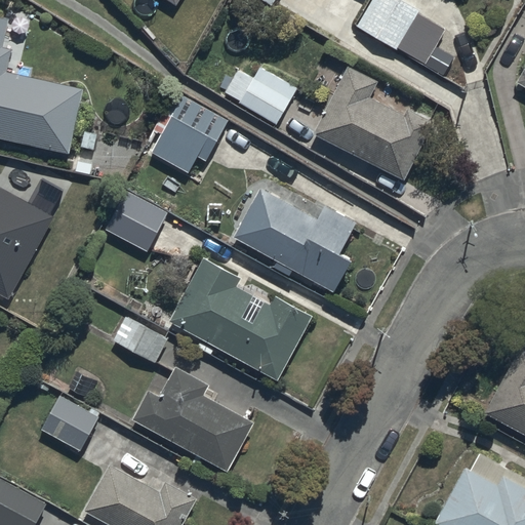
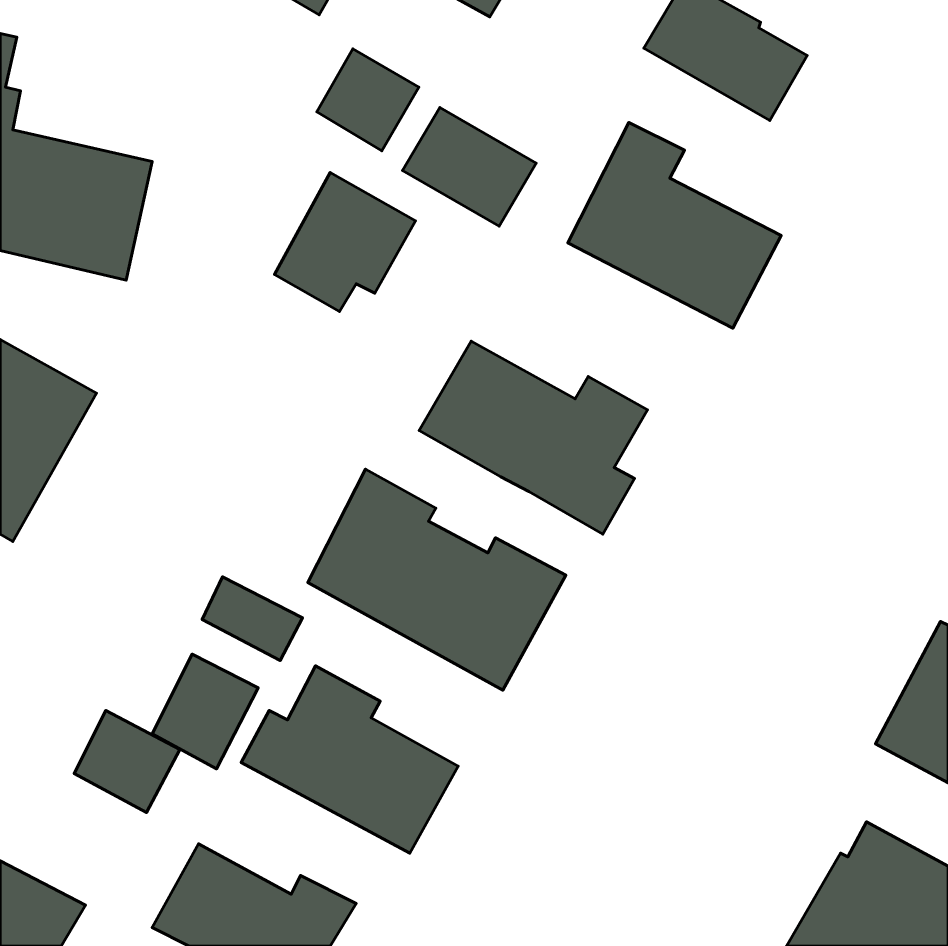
building: none -> [317,49,419,151]
building: [105,190,167,251] -> none
building: none -> [152,654,258,769]

